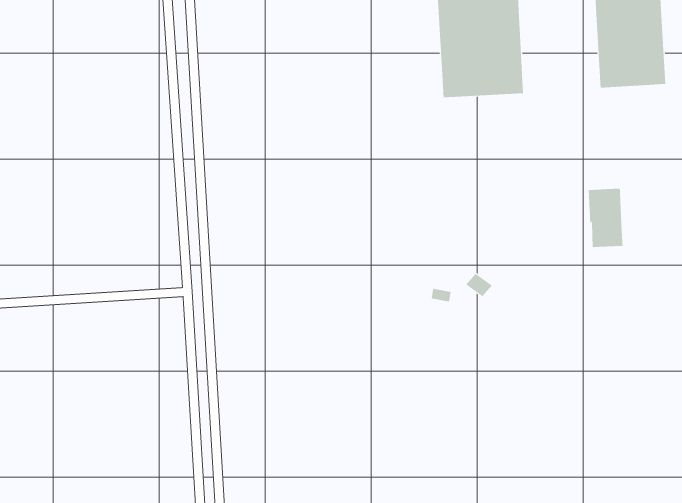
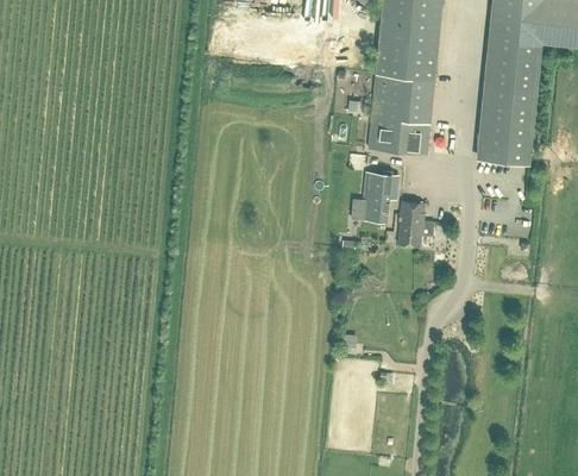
building: none -> [359,173,390,223]
building: [588,186,624,248] -> [396,201,423,246]

